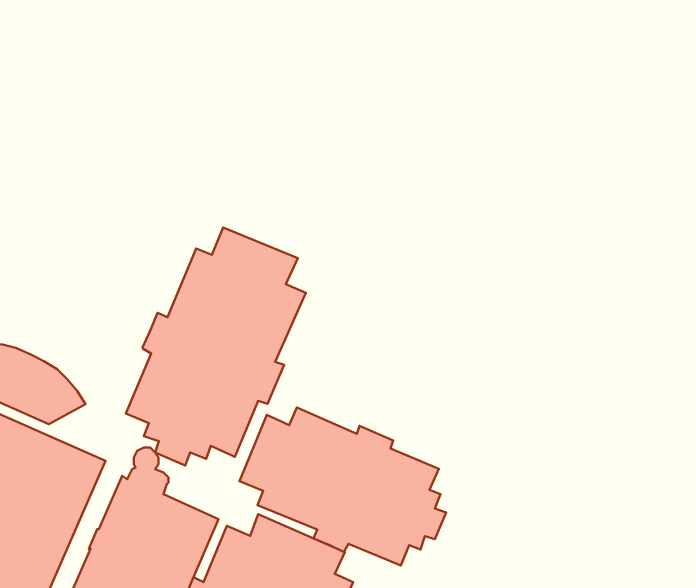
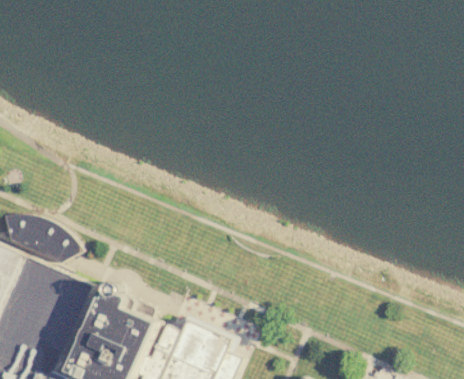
building: [126,227,306,465] -> none
building: [240,407,446,566] -> none

